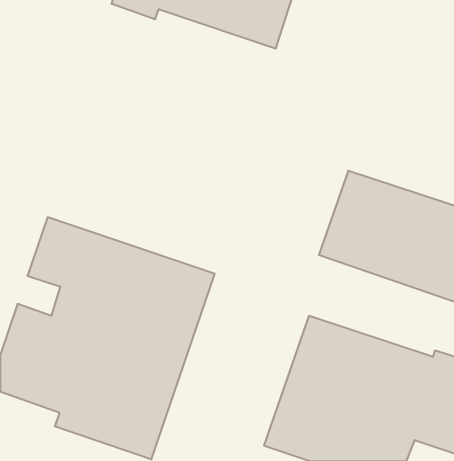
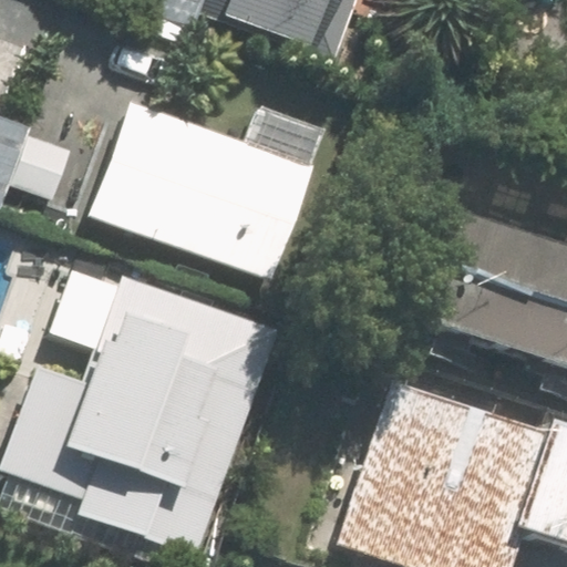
building: none -> [91,104,313,279]

